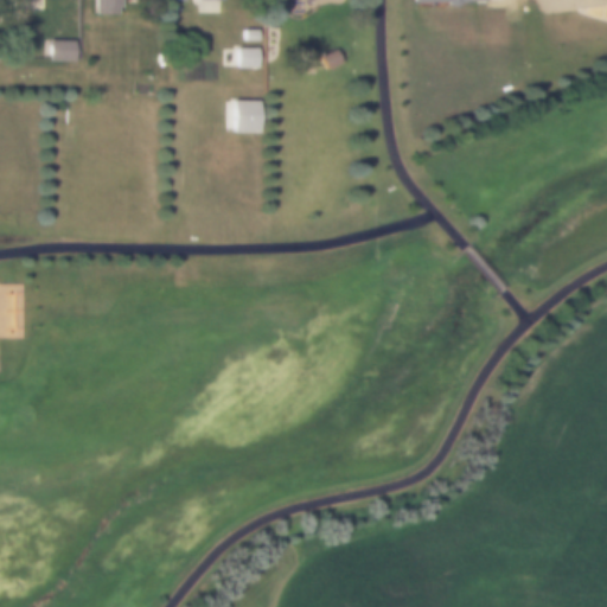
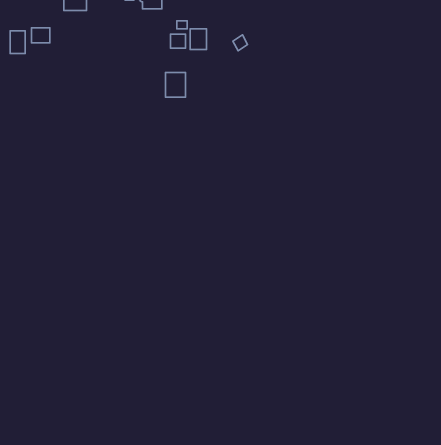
building: none -> [190,29,207,49]
building: none -> [10,31,25,54]

